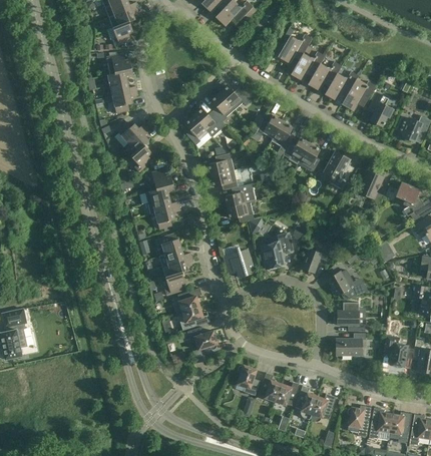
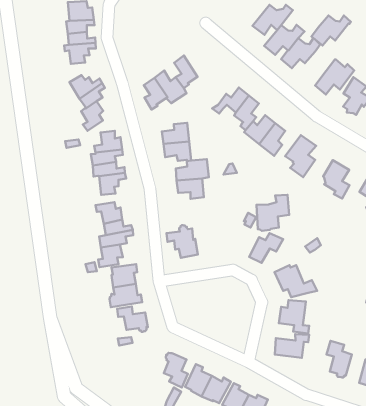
building: [325,70,359,100] -> [312,15,351,46]
building: [219,84,250,109] -> none
building: [262,233,293,269] -> [256,195,289,231]

